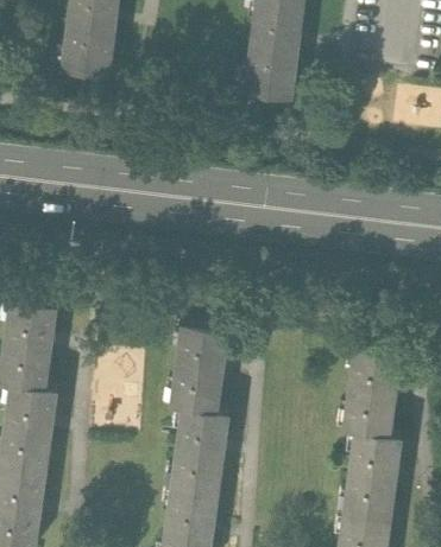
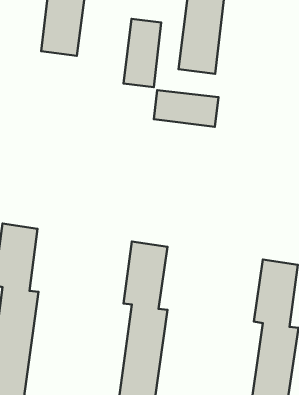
building: none -> [123,19,161,87]
building: none -> [154,90,218,127]

